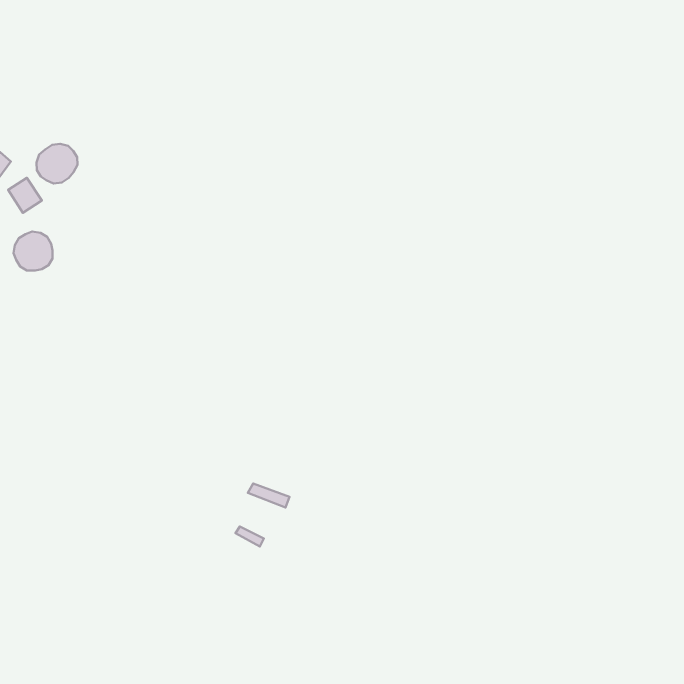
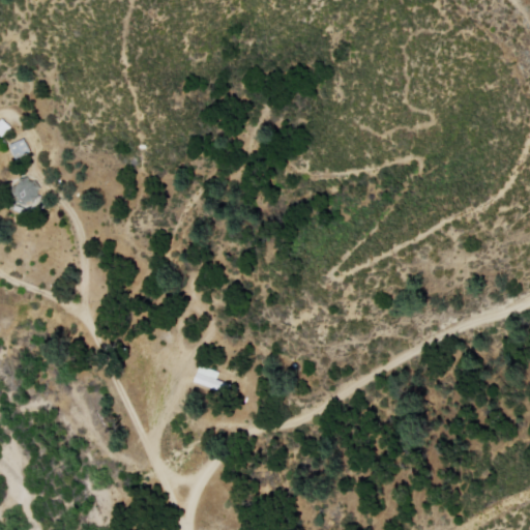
building: [36,144,77,183] -> none

